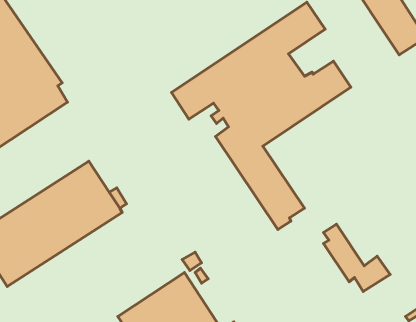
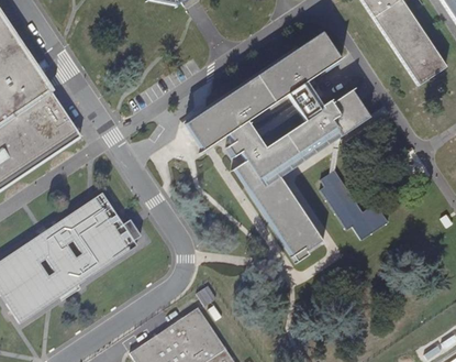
building: [324,224,390,292] -> [320,169,388,239]

